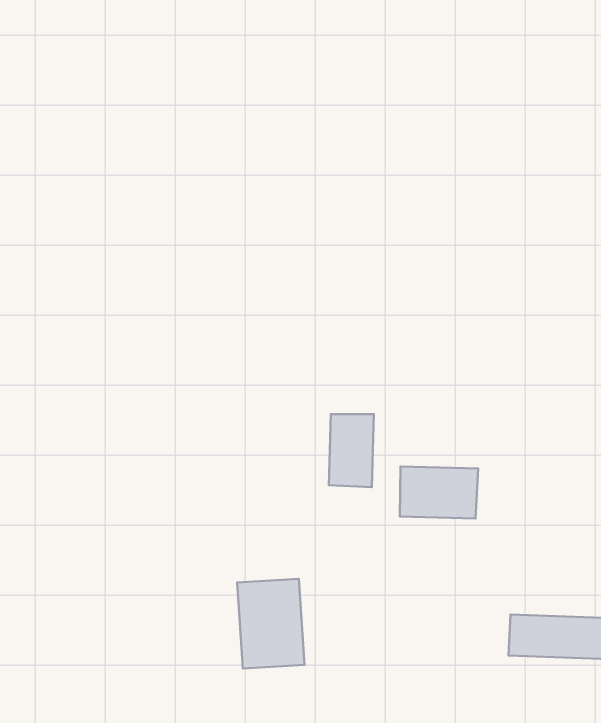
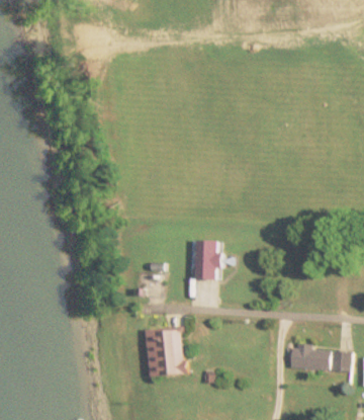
building: [400,467,478,518] -> none

